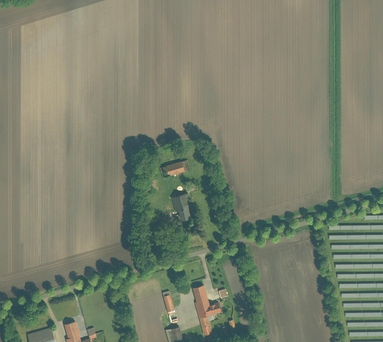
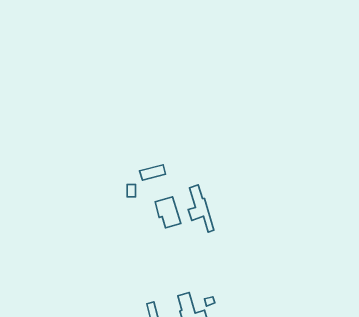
building: none -> [188,185,214,232]

